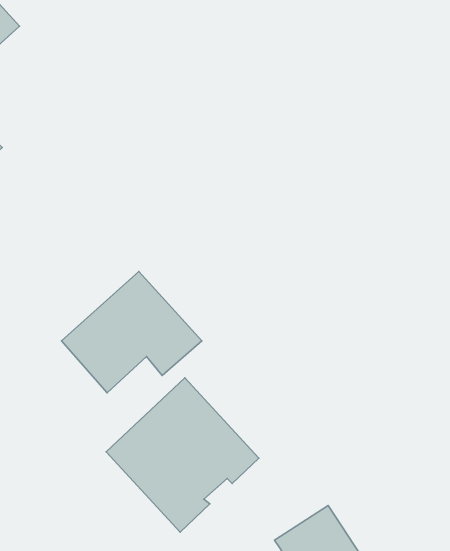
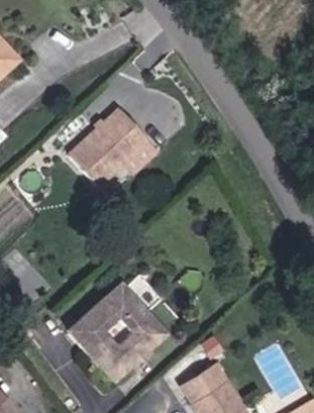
building: [62,272,202,393] -> [69,108,159,186]

